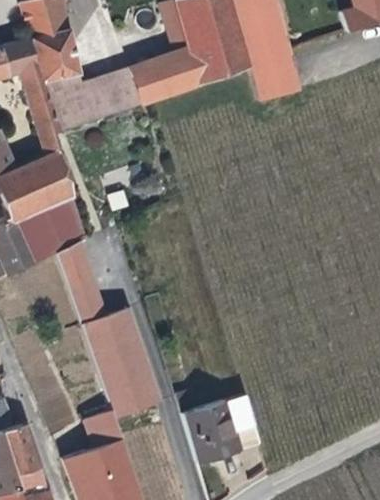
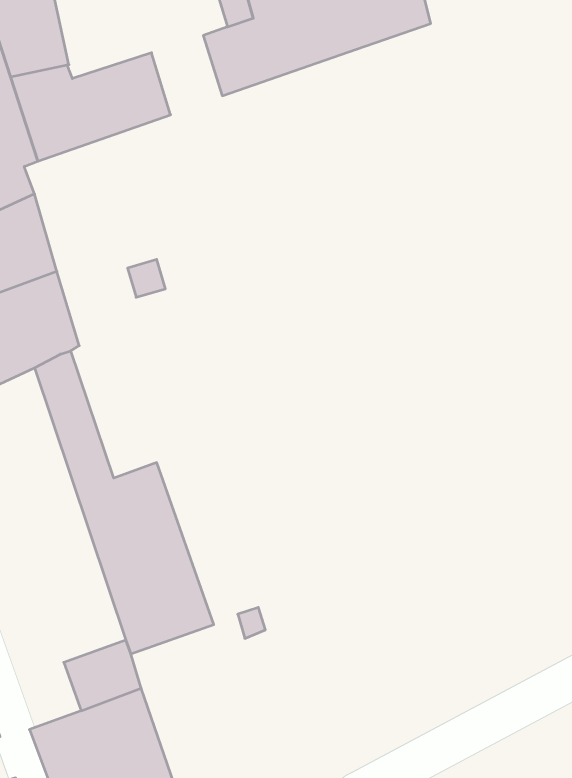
building: [247,52,299,101] -> none
building: [128,59,169,105] -> none
building: [184,395,260,461] -> none

